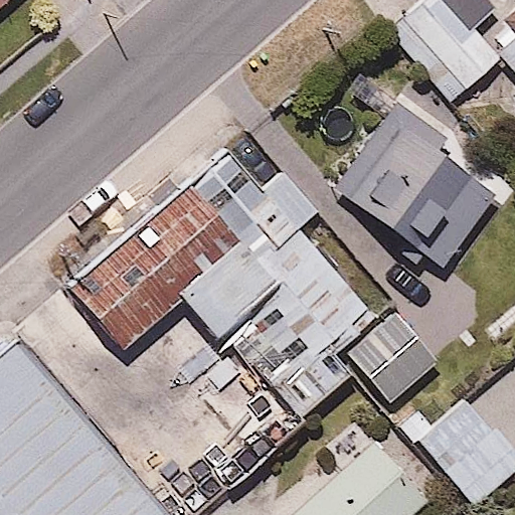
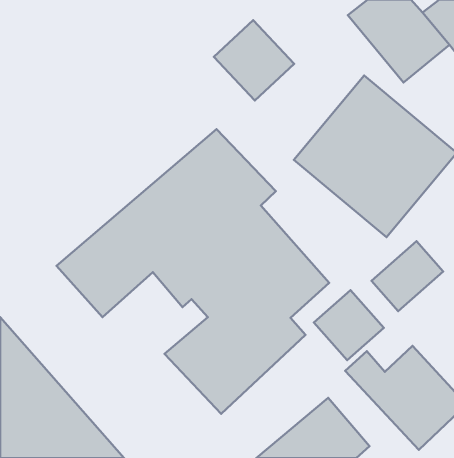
building: none -> [214,20,294,101]
building: none -> [371,241,443,311]

